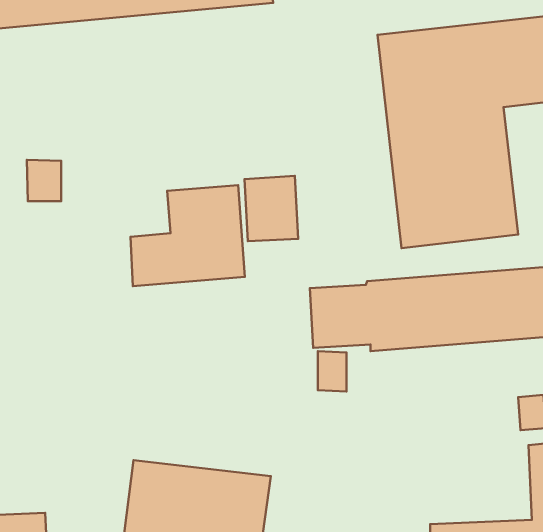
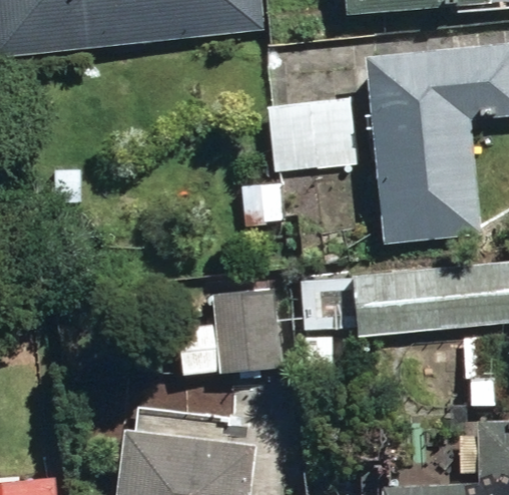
building: none -> [269,100,356,169]
building: [130,185,245,286] -> [178,287,279,375]

